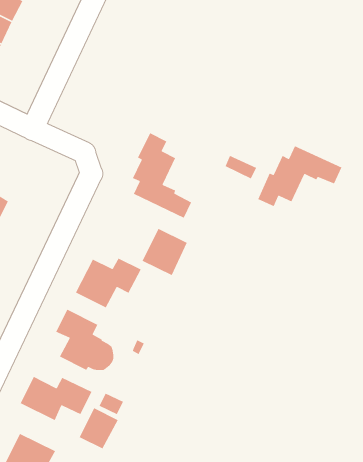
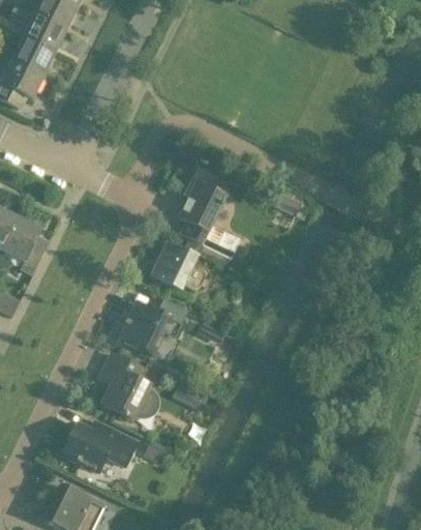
building: [257,145,343,207] -> none
building: [141,228,188,276] -> [148,240,197,291]
building: [79,407,119,450] -> none

